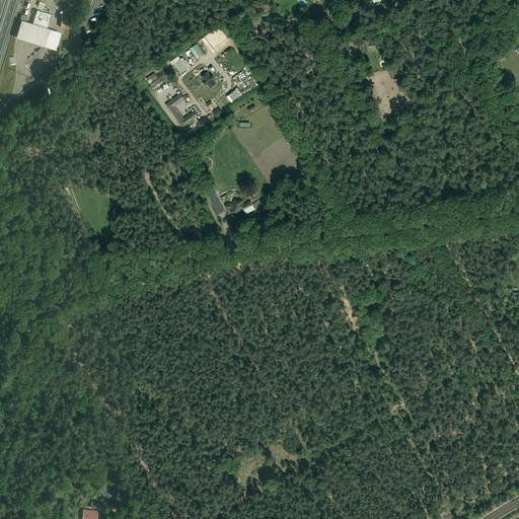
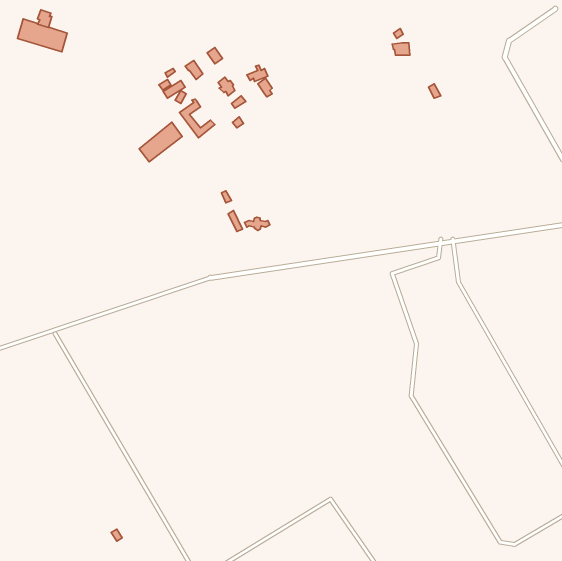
building: none -> [139,122,182,162]

